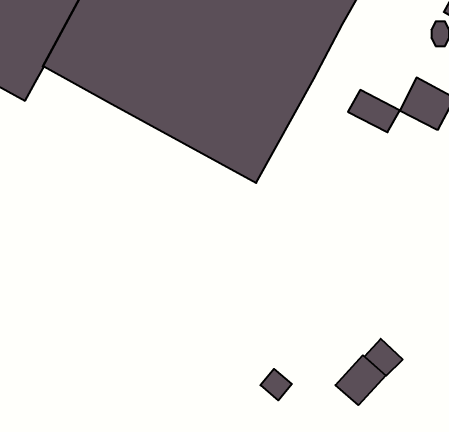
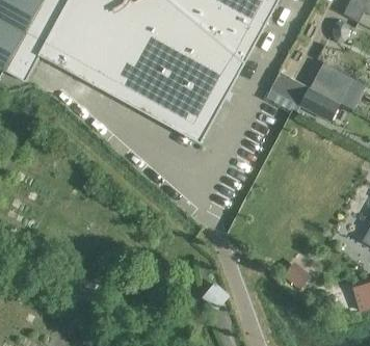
building: none -> [298,86,336,117]
building: [335,355,386,405] -> none

